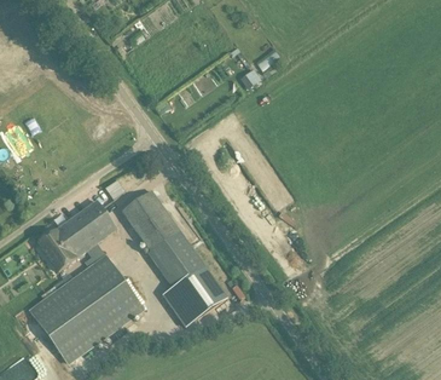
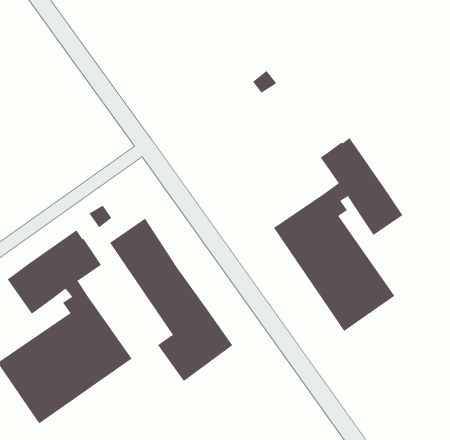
building: none -> [273,137,403,332]

